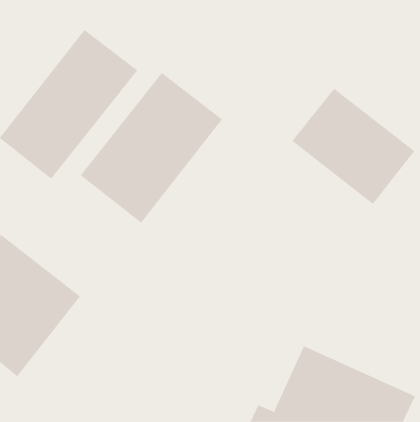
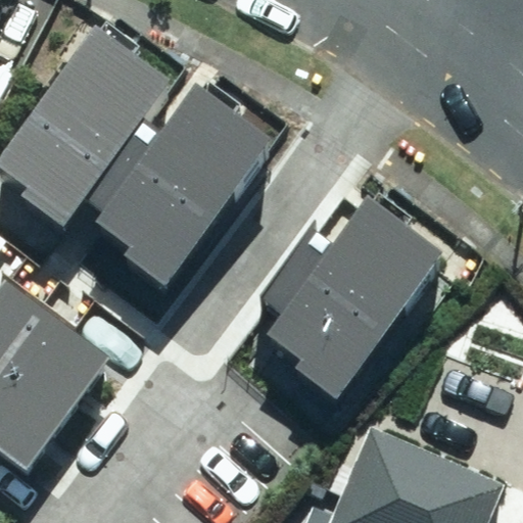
building: [292,88,415,205] -> none
building: none -> [258,209,431,394]

